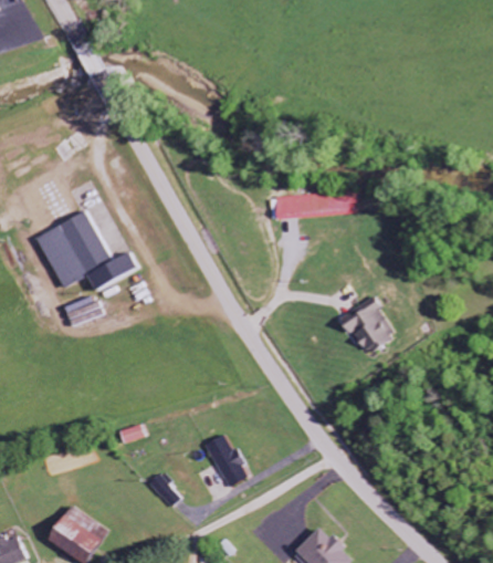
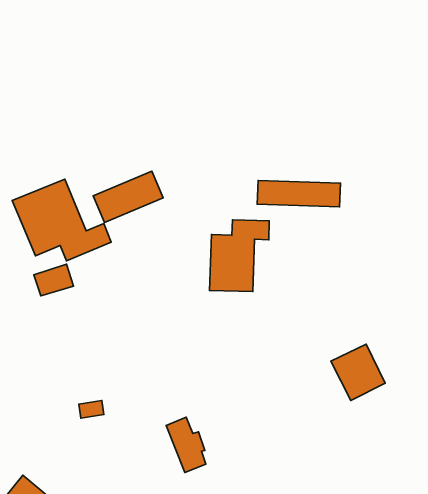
building: none -> [93,171,163,222]
building: none -> [210,220,269,291]
building: [342,298,397,354] -> [331,344,385,400]

